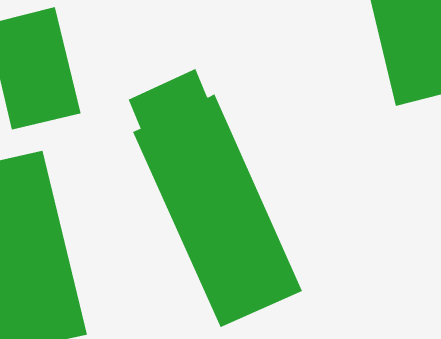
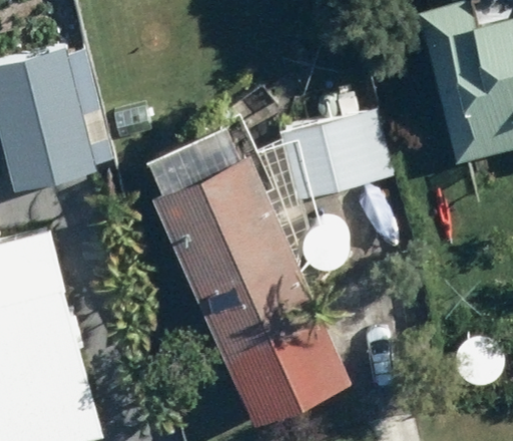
building: none -> [285,116,377,203]

